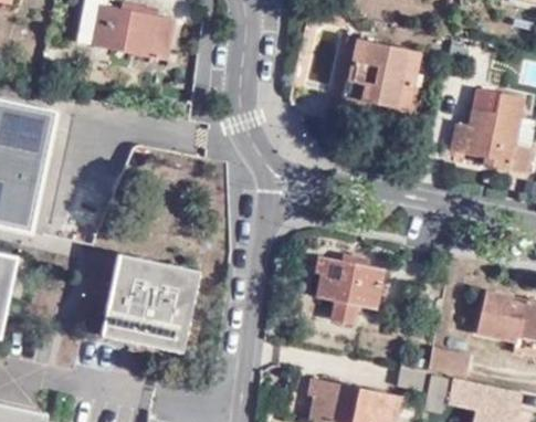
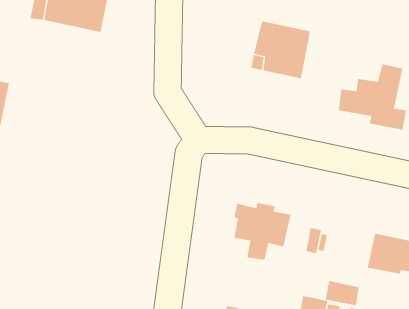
building: [101,254,198,351] -> none

